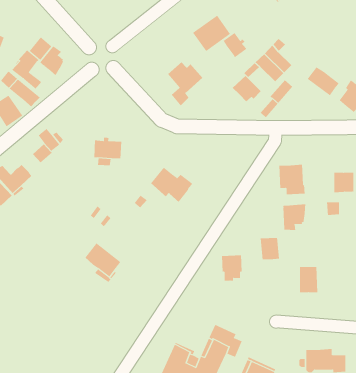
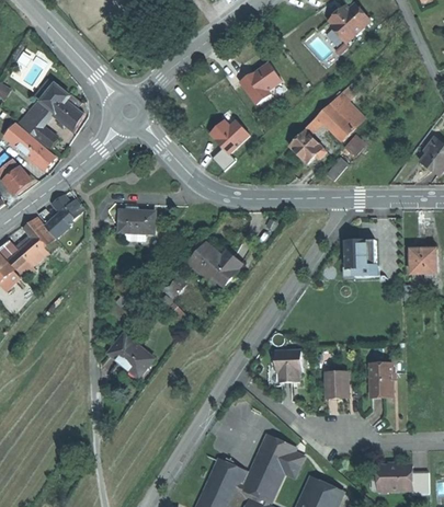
building: [223,32,247,58] -> none
building: [307,66,339,96] -> none
building: none -> [22,217,54,249]
building: [283,204,306,231] -> none
building: [260,237,280,260] -> [323,370,348,397]

